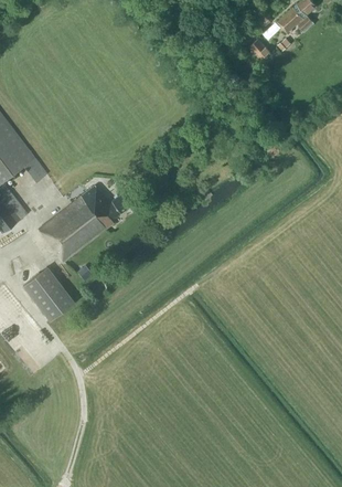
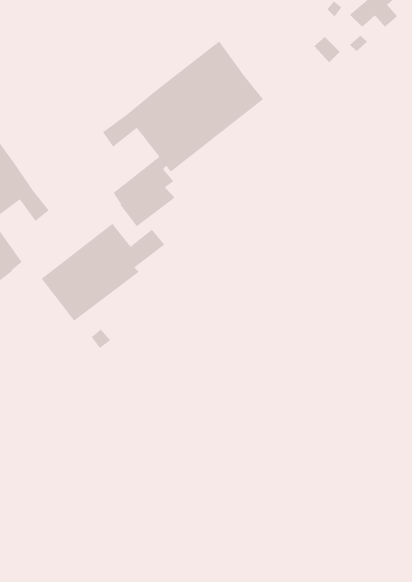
building: none -> [102,40,264,227]
building: [23,265,74,319] -> none

